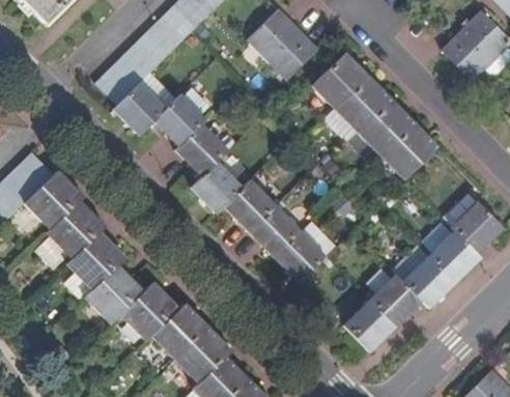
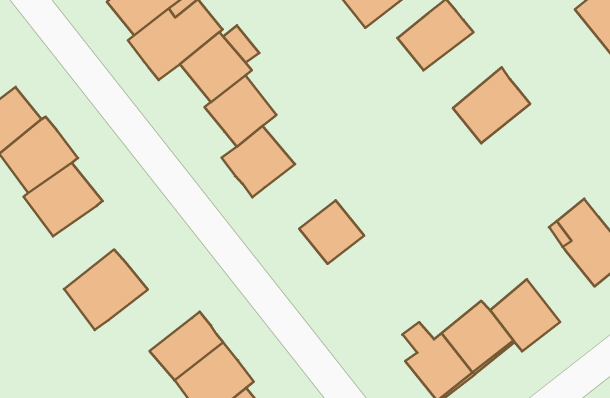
building: [323,75,392,143] -> none
building: [382,123,438,179] -> none
building: [225,181,279,234] -> none
building: [427,229,481,283] -> none
building: [63,233,124,302] -> none
building: [278,234,325,282] -> none
building: [119,282,181,343] -> none

